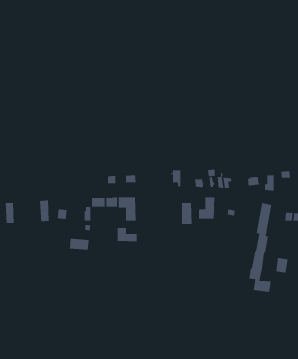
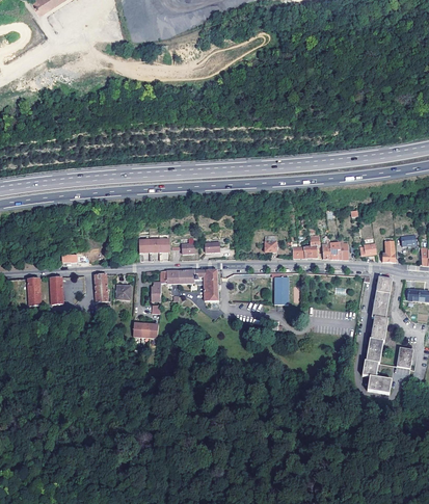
building: none -> [139,238,169,260]
building: [198,196,215,219] -> none
building: [117,227,137,242] -> none

